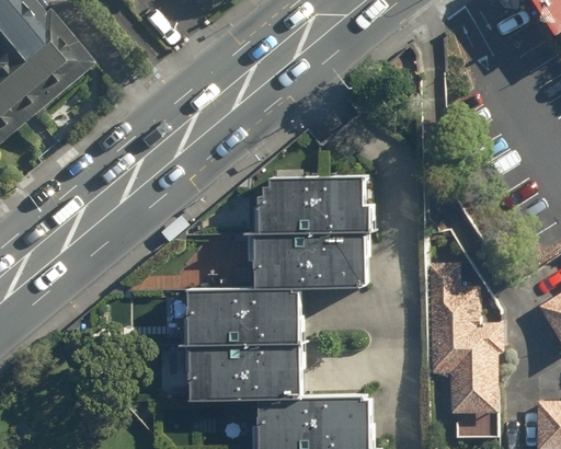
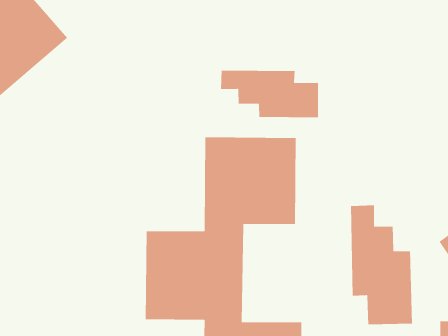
building: none -> [220,70,319,118]

